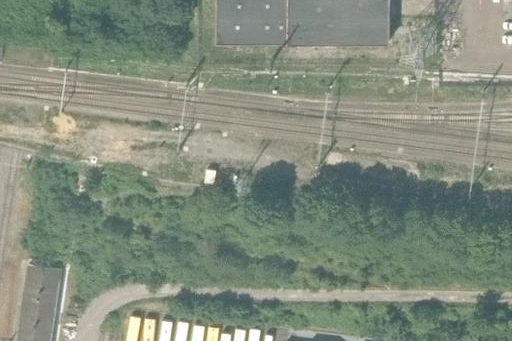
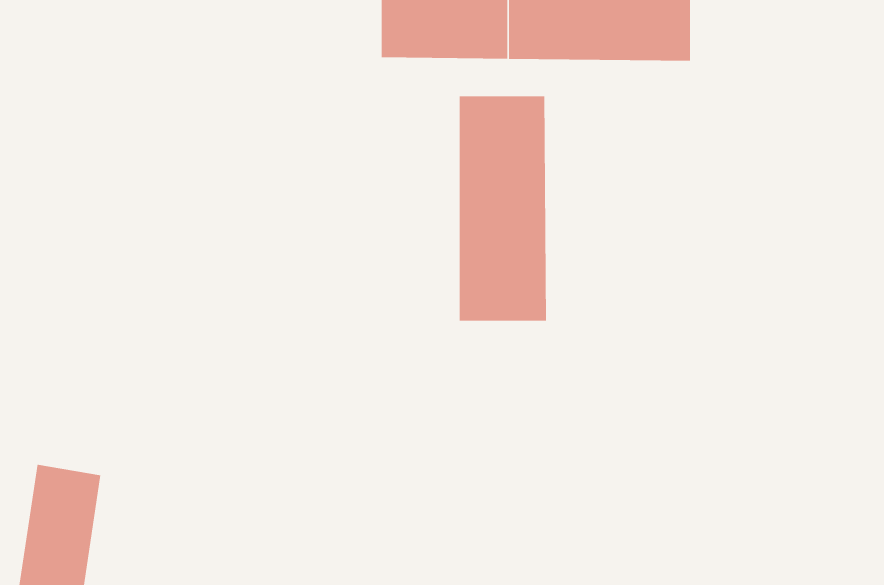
building: none -> [459,96,546,321]

